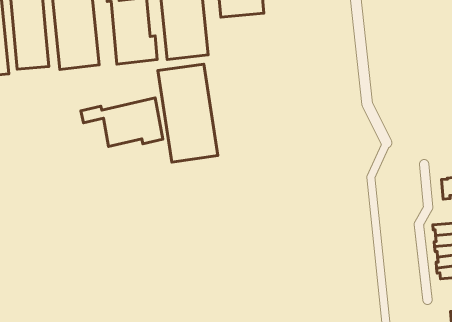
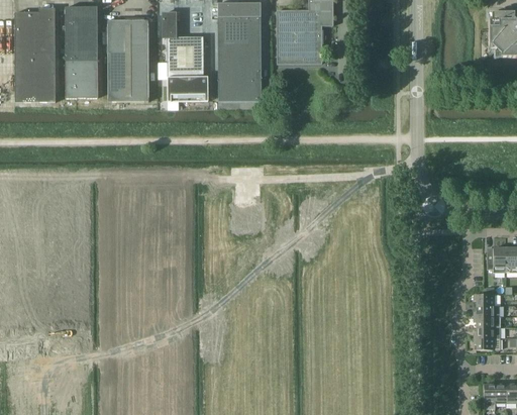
building: [158,64,218,162] -> none
building: [81,98,163,146] -> none

